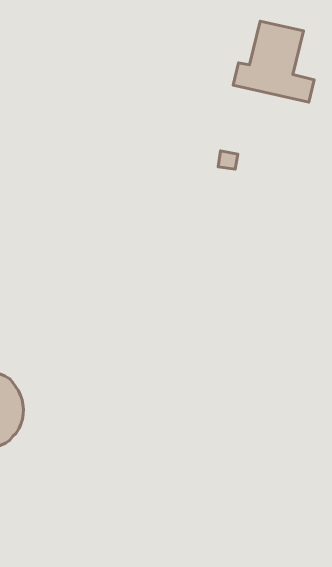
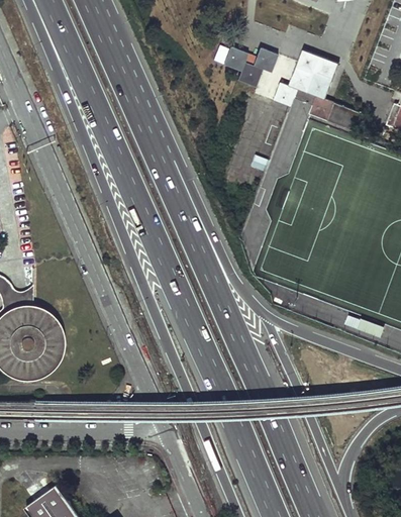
building: none -> [223,47,277,89]

